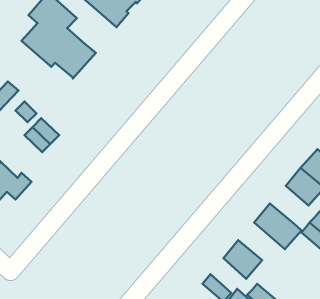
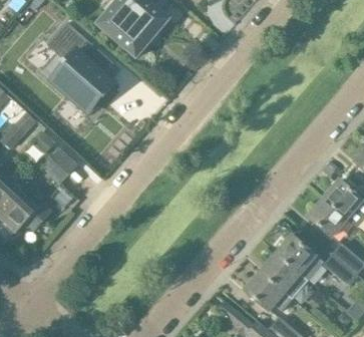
building: none -> [259,254,306,299]

